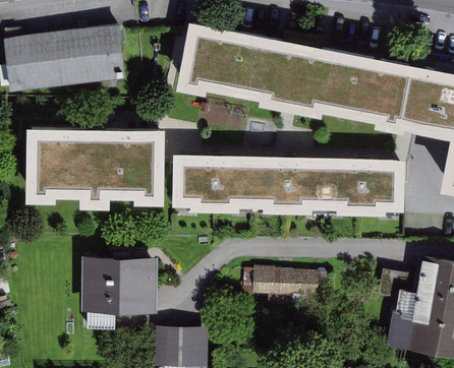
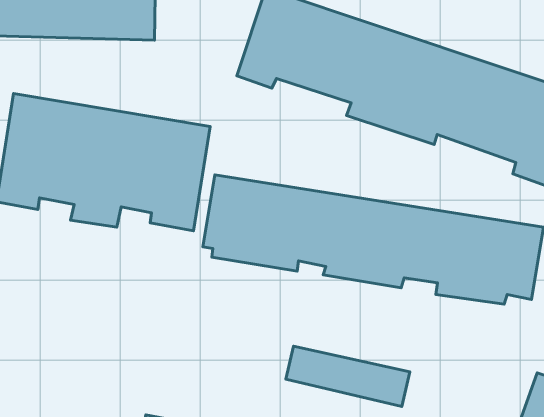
building: [82,255,156,308] -> none

